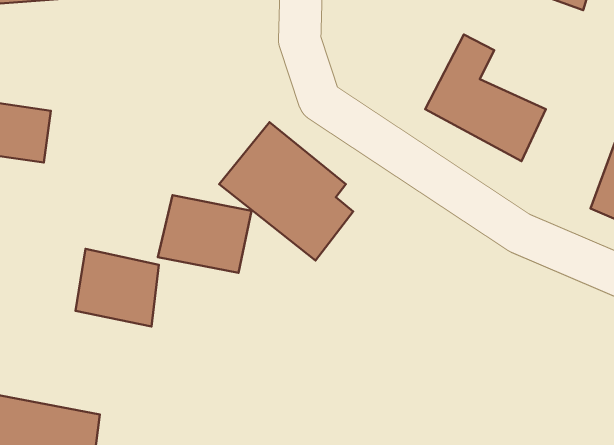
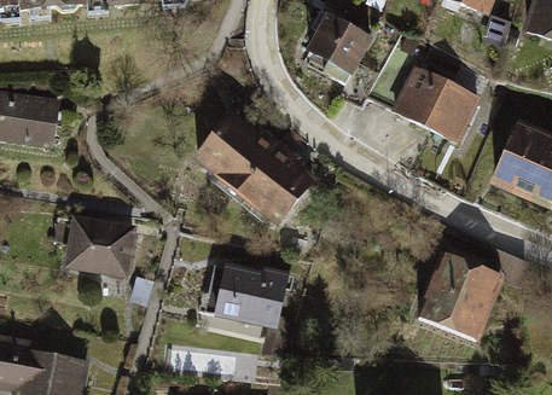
building: none -> [296,14,361,81]
building: [158,195,252,273] -> [217,263,296,329]
building: none -> [407,250,499,353]

